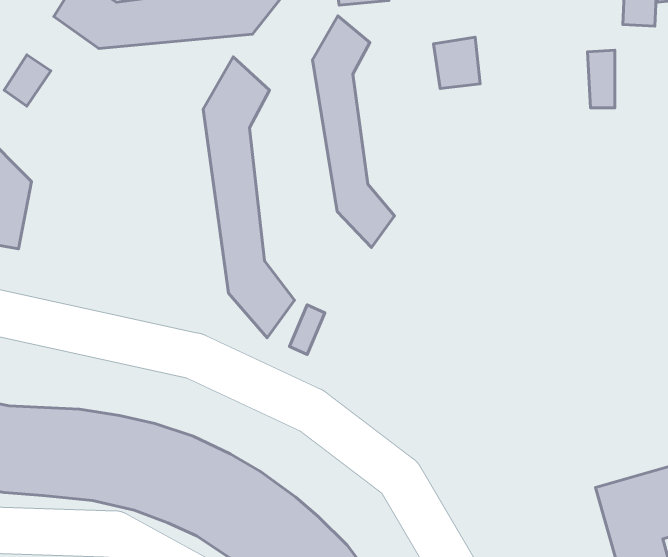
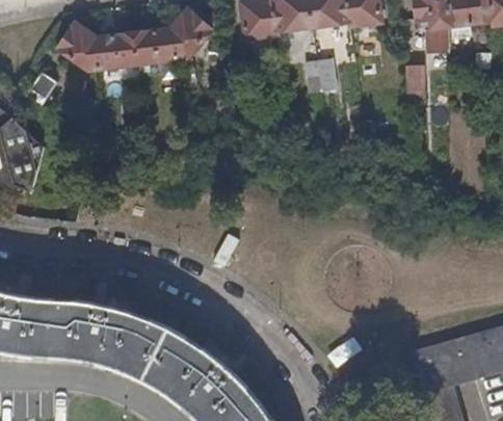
building: [313,16,394,248] -> none
building: [203,57,295,338] -> none

